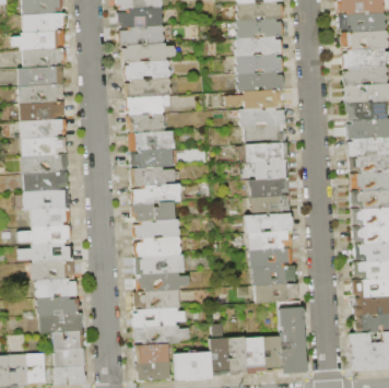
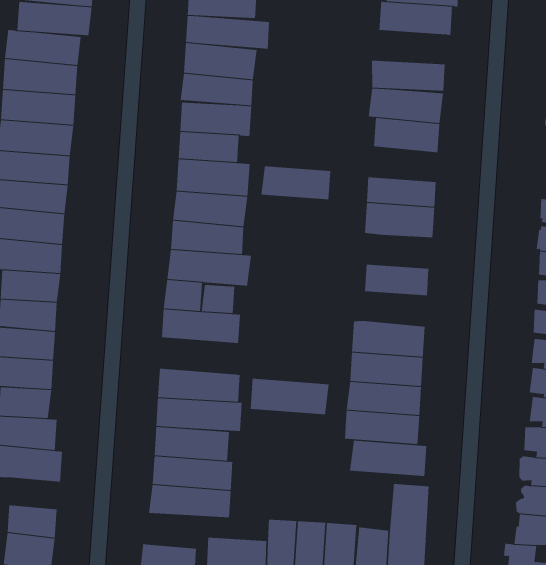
building: [237,34,280,55] -> none
building: [241,105,283,125] -> [260,166,331,200]
building: [255,156,285,176] -> none
building: [248,191,287,211] -> none
building: [130,234,177,255] -> [250,378,330,415]
building: [51,330,81,348] -> none
building: [135,340,167,361] -> none

